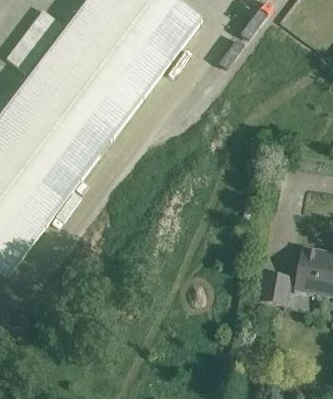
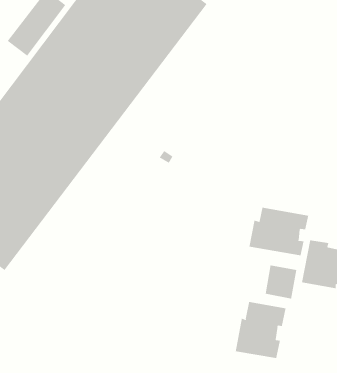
building: none -> [249,207,309,256]
building: none -> [235,301,286,359]

